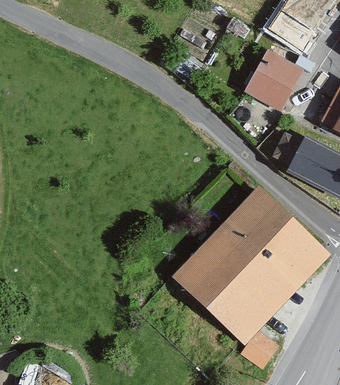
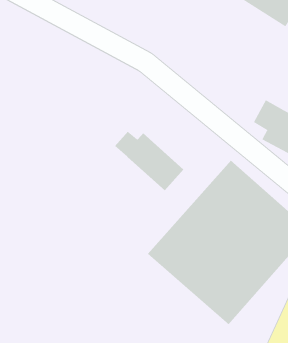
building: [239,43,302,108] -> none
building: none -> [114,131,184,191]

